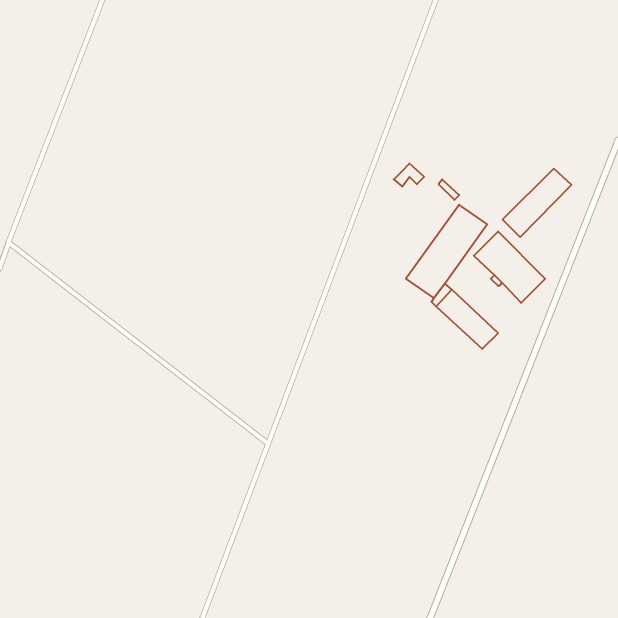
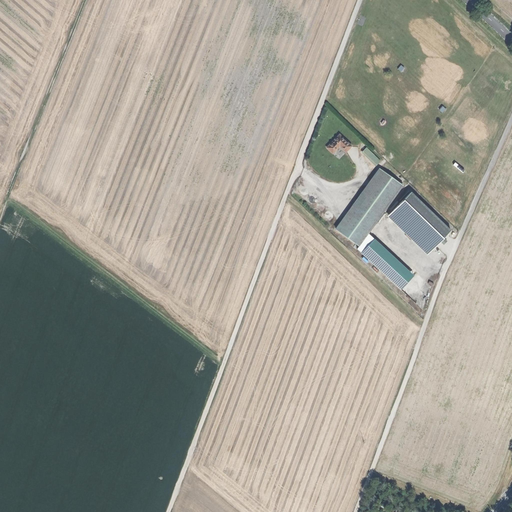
building: [503,169,571,237] -> none

